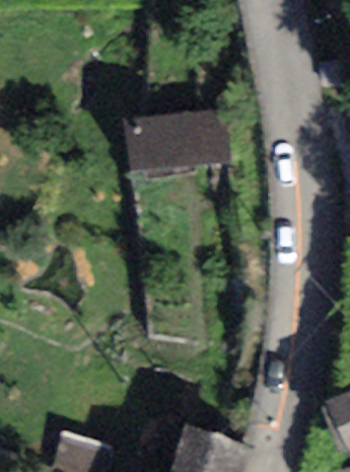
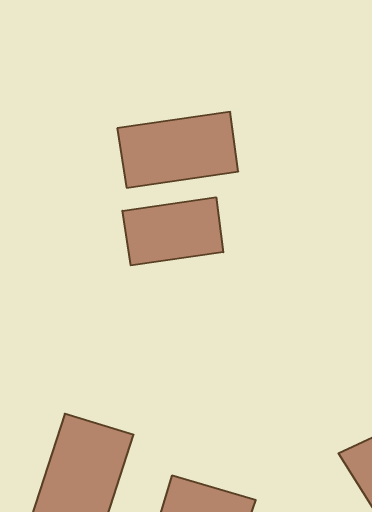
building: none -> [122,197,223,265]

